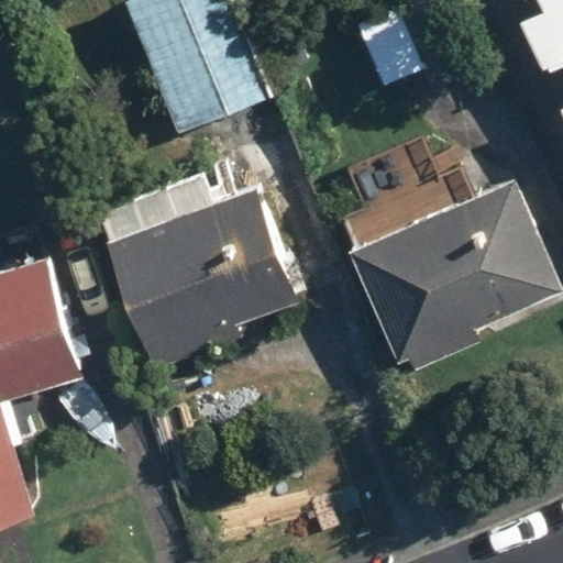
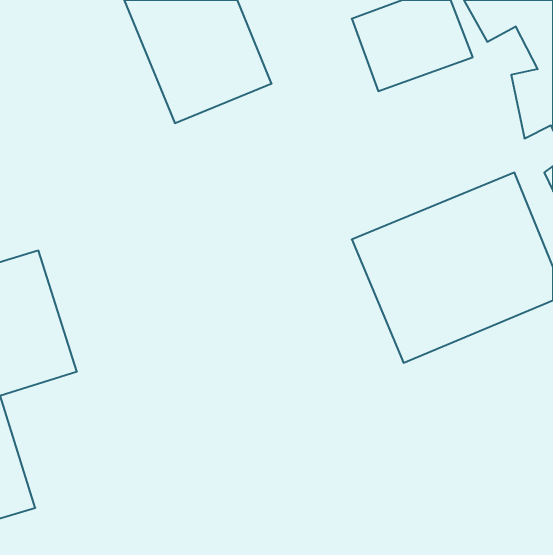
building: [103,179,299,357] -> none

